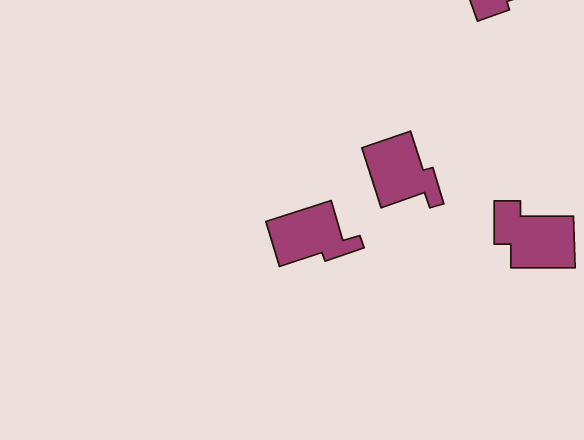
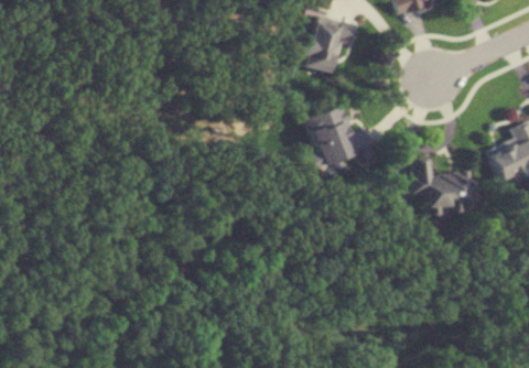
building: none -> [300,14,356,75]
building: [266,200,364,267] -> none

